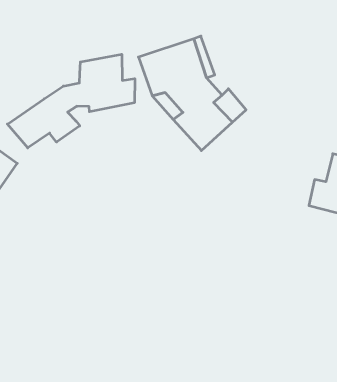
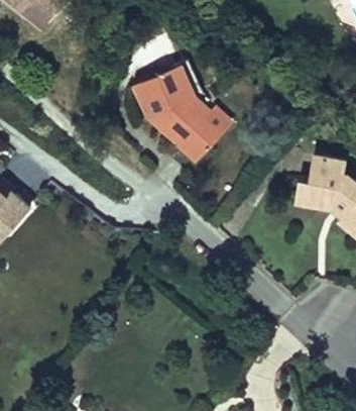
building: [7,54,135,148] -> none

